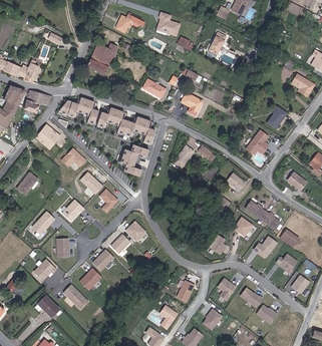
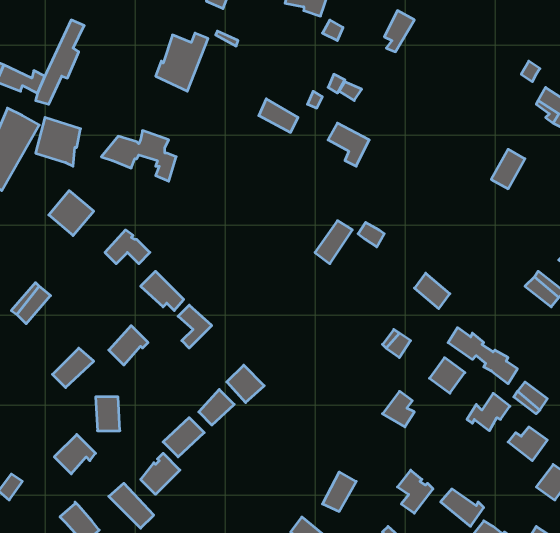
building: [98,107,155,142] -> none
building: [246,128,270,154] -> none
building: [121,144,149,177] -> none

